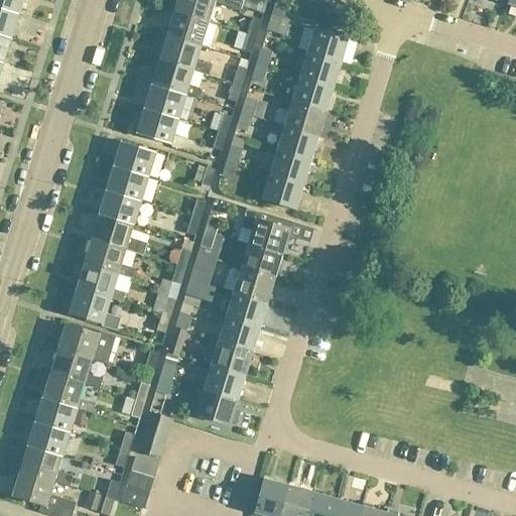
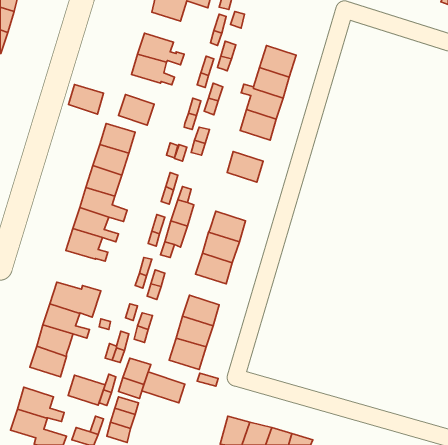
building: [166,14,208,48] -> none
building: [306,27,349,63] -> none
building: [144,86,184,120] -> [68,84,103,114]
building: [268,150,310,185] -> none
building: [241,208,290,254] -> none
building: [69,288,120,331] -> none
building: [218,315,260,351] -> none
building: [27,422,70,457] -> [68,375,105,405]
building: none -> [142,372,185,403]

